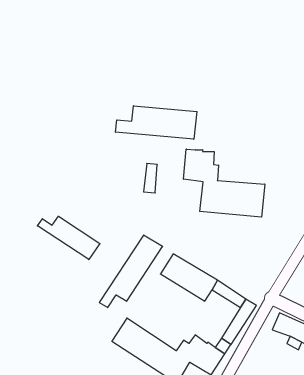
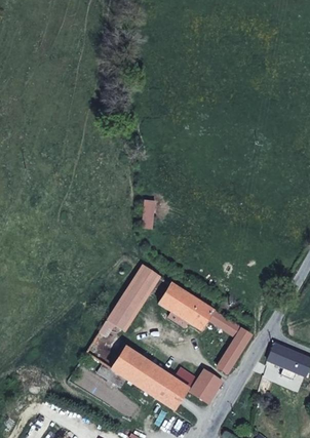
building: [116,106,197,139] -> none
building: [184,149,265,217] -> none
building: [37,216,100,260] -> none

